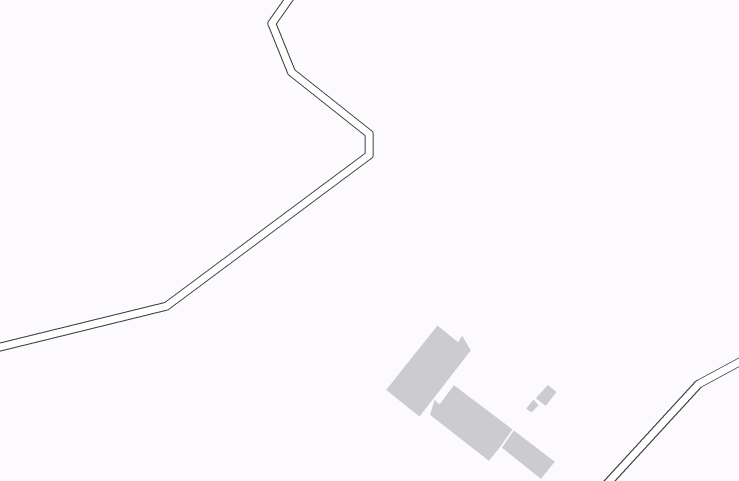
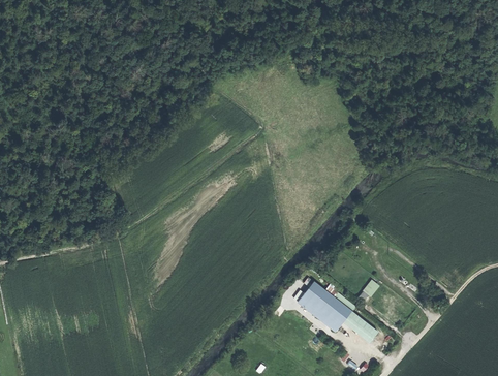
building: [385,324,471,418] -> none

